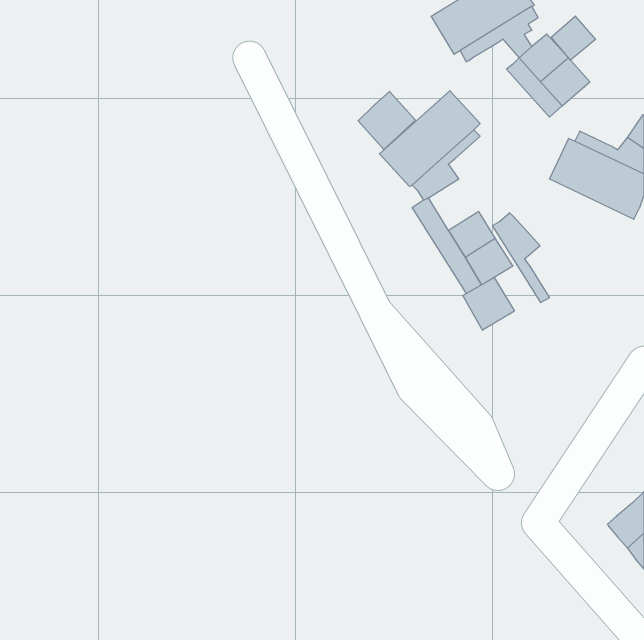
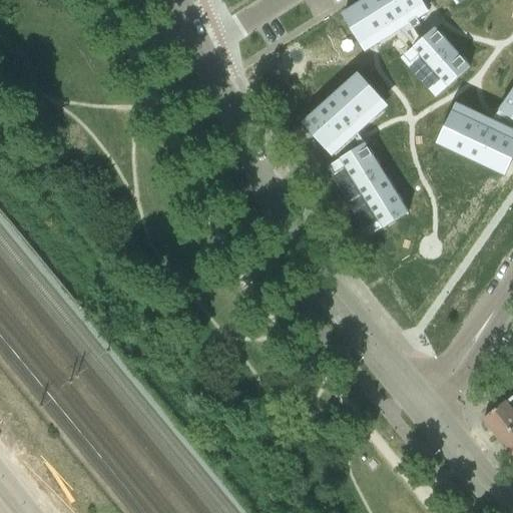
building: [551,16,595,60] -> none
building: [358,91,415,150] -> none
building: none -> [341,142,381,183]
building: [493,213,549,303] -> none
building: [463,278,514,330] -> none

